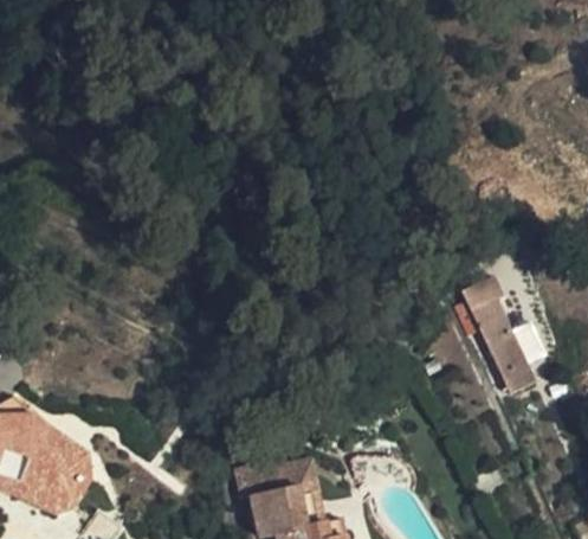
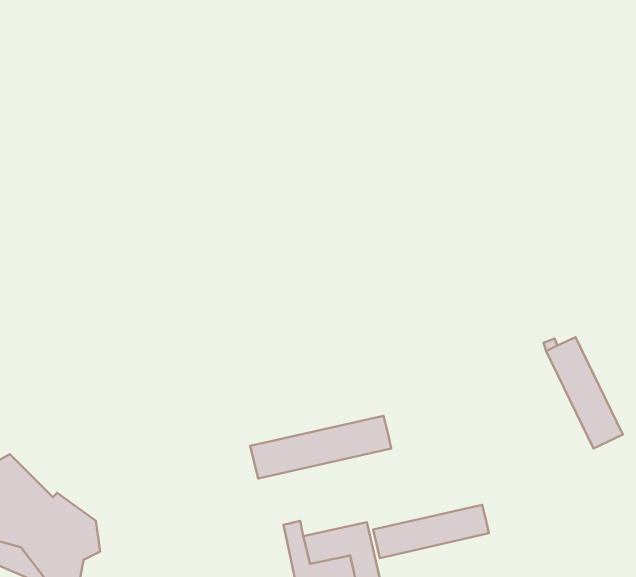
building: none -> [250,416,391,479]
building: none -> [373,505,489,558]

